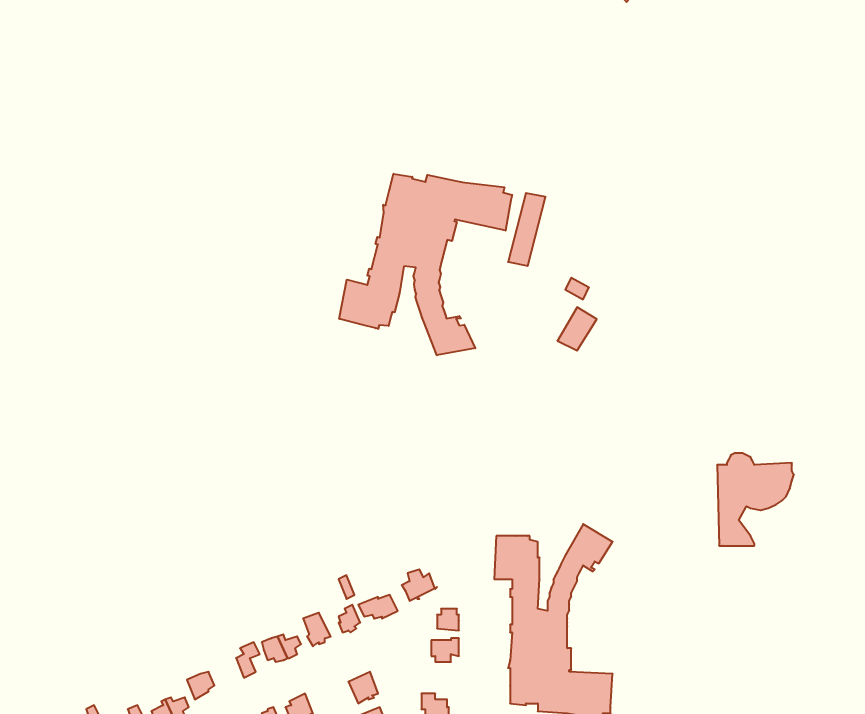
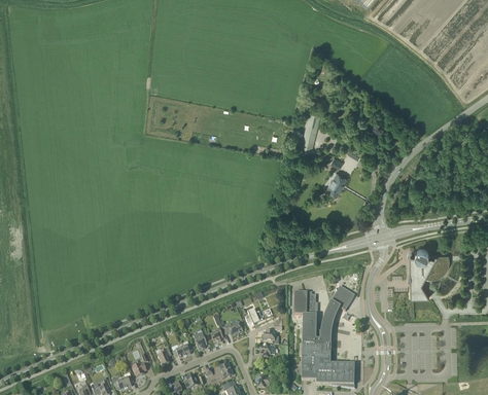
building: [339,174,512,355] -> none

